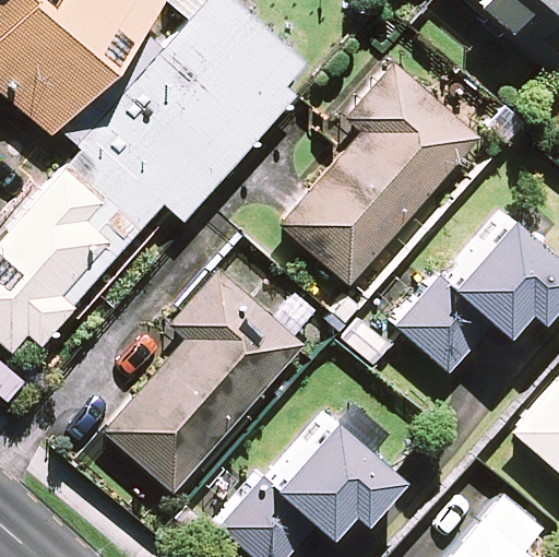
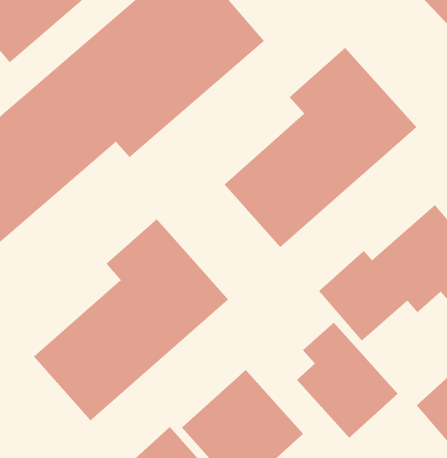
building: none -> [296,322,399,438]

